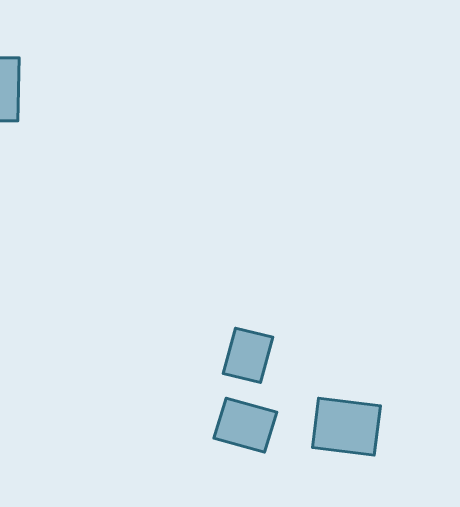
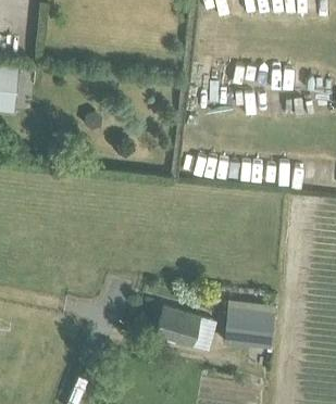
building: [223,328,273,382] -> none

